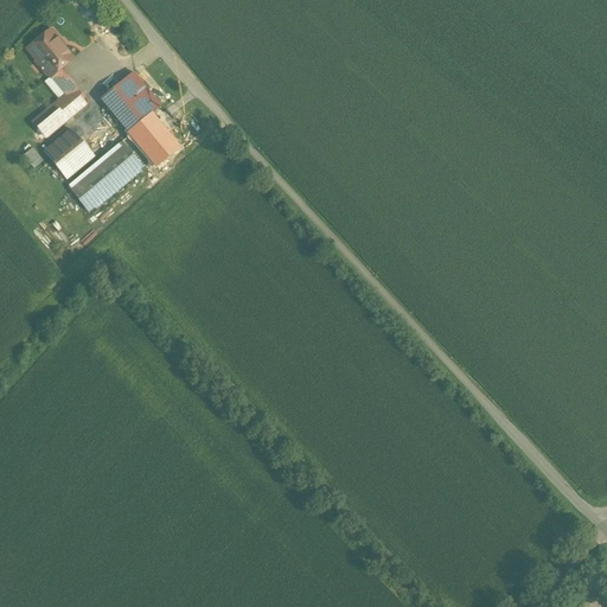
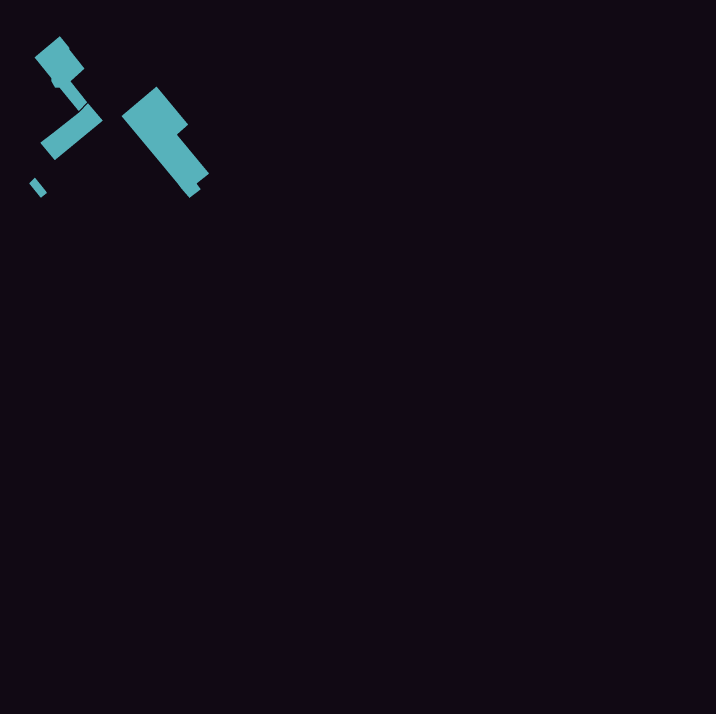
building: [46,130,90,173] -> none
building: [75,134,149,203] -> none

